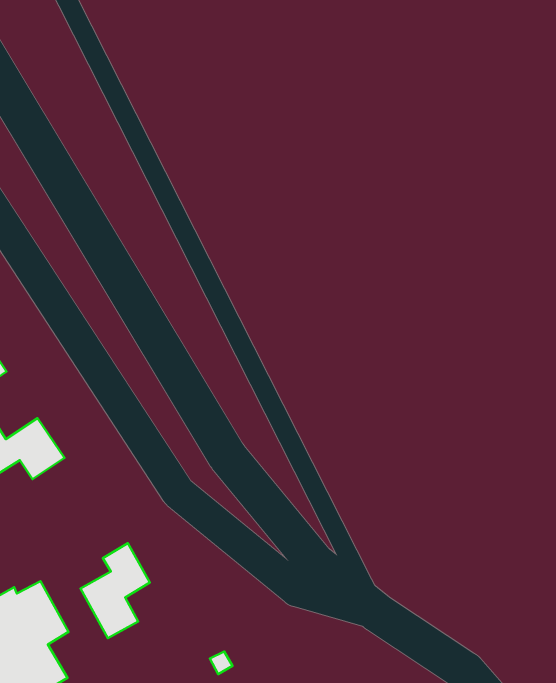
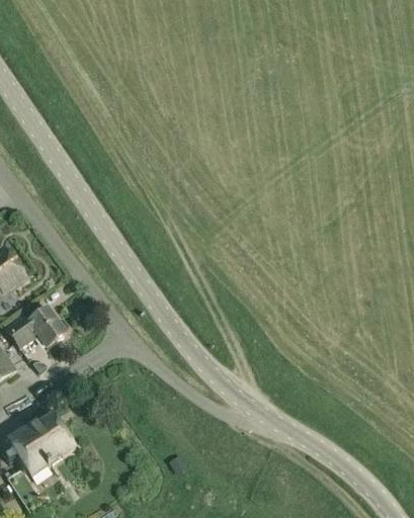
building: [80,543,150,638] -> none

